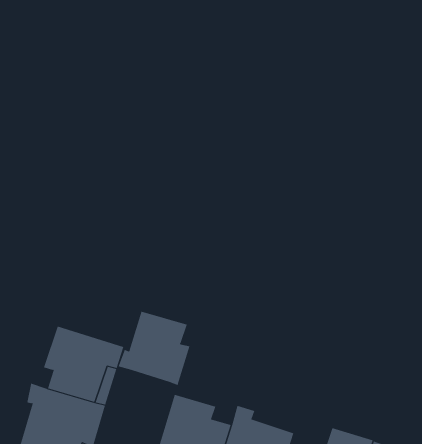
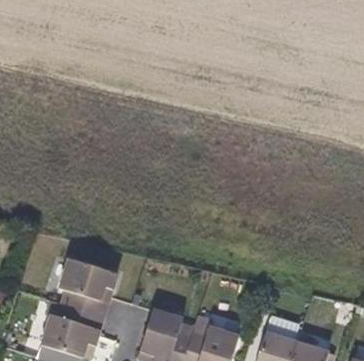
building: [118,311,190,386] -> none

